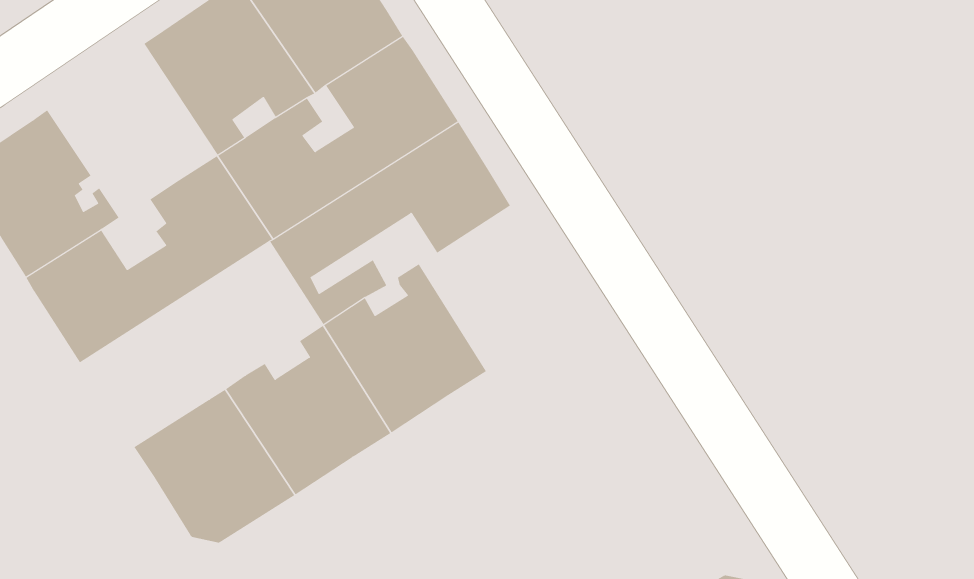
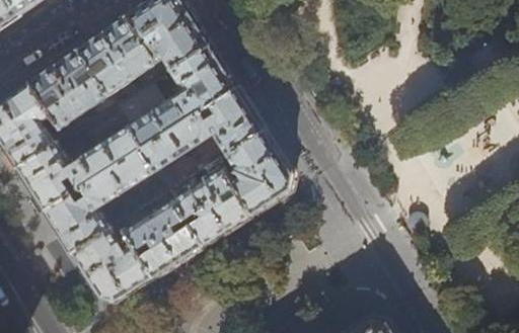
building: none -> [26,49,113,137]
building: none -> [215,131,291,215]
building: none -> [43,149,166,253]

